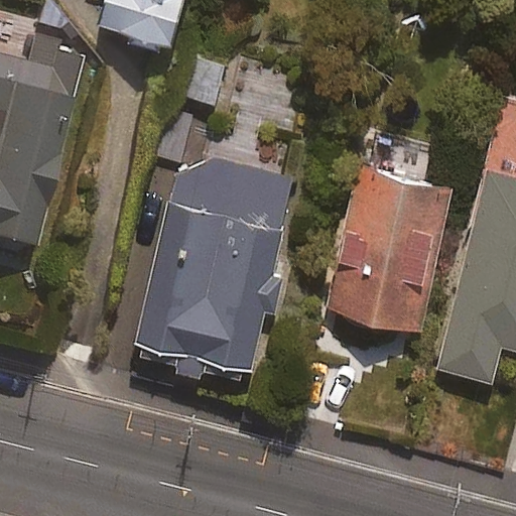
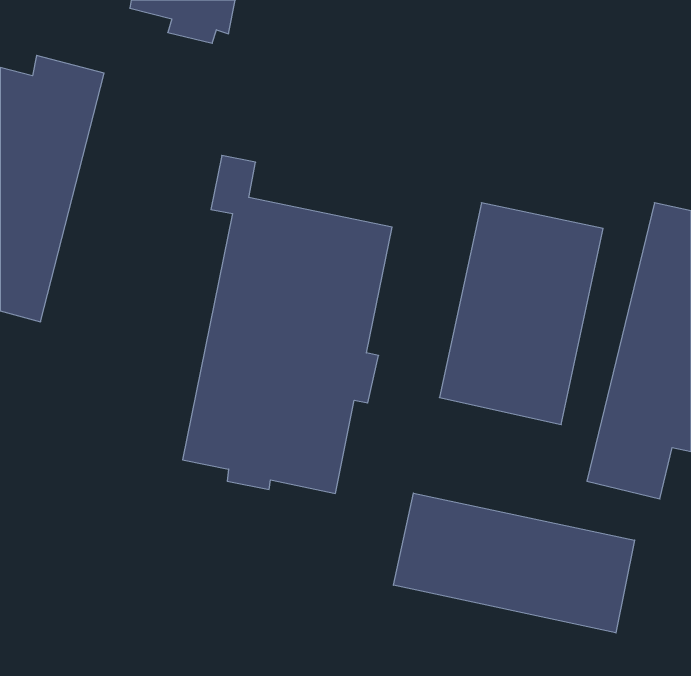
building: none -> [393,493,635,633]

